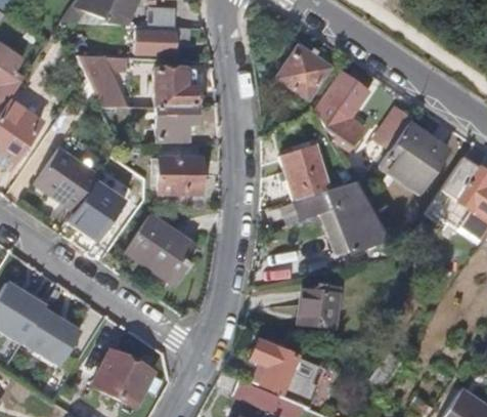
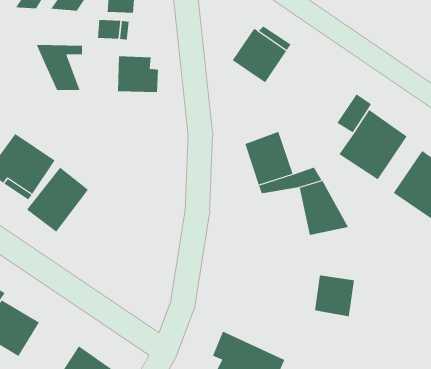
building: [312,74,364,153] -> none
building: [157,105,197,137] -> none
building: [163,157,205,193] -> none
building: [126,210,195,284] -> none
building: [303,288,343,329] -> [314,275,355,317]

